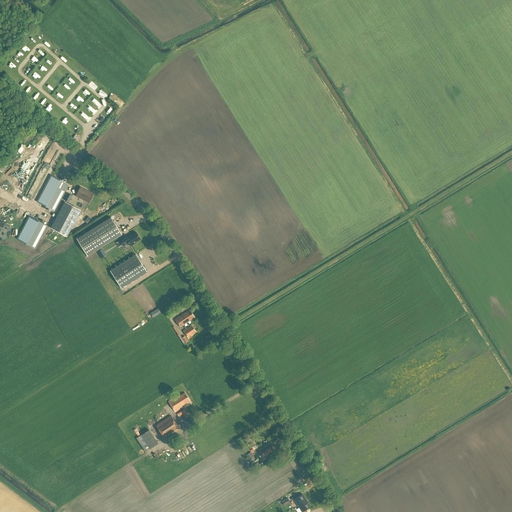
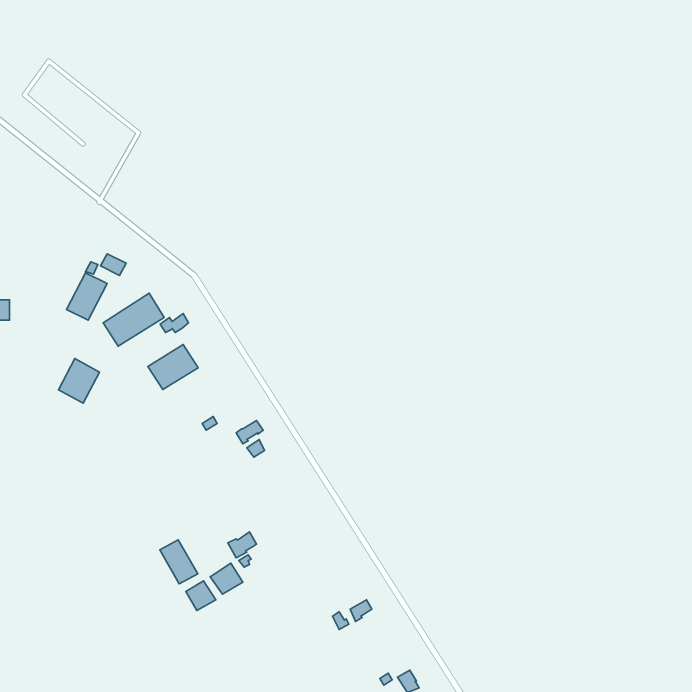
building: [36,174,68,211] -> none
building: [16,215,46,248] -> [59,358,99,403]
building: none -> [160,540,198,584]

